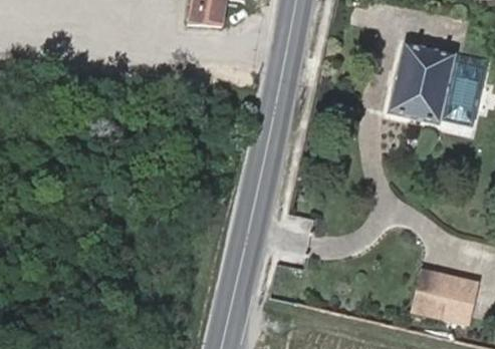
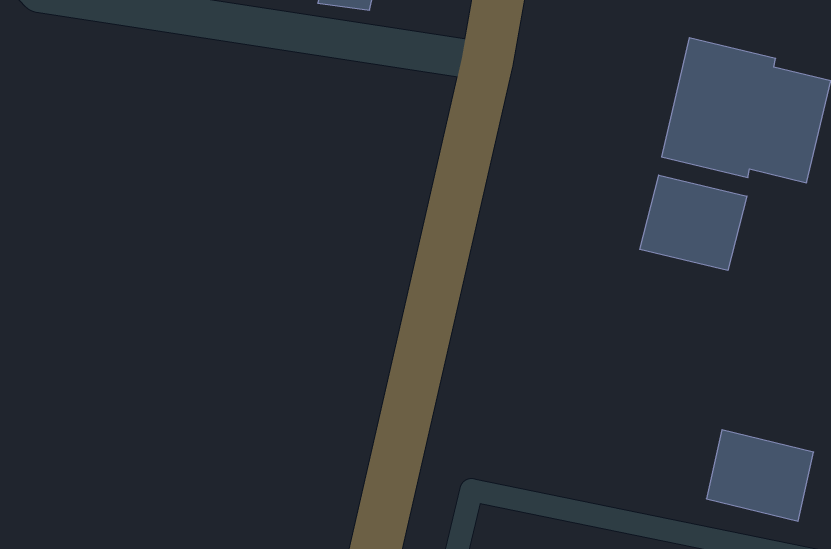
building: none -> [640,175,747,270]

